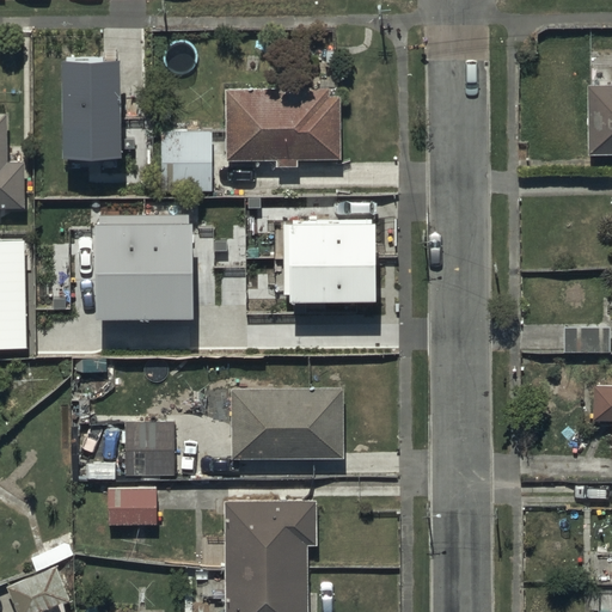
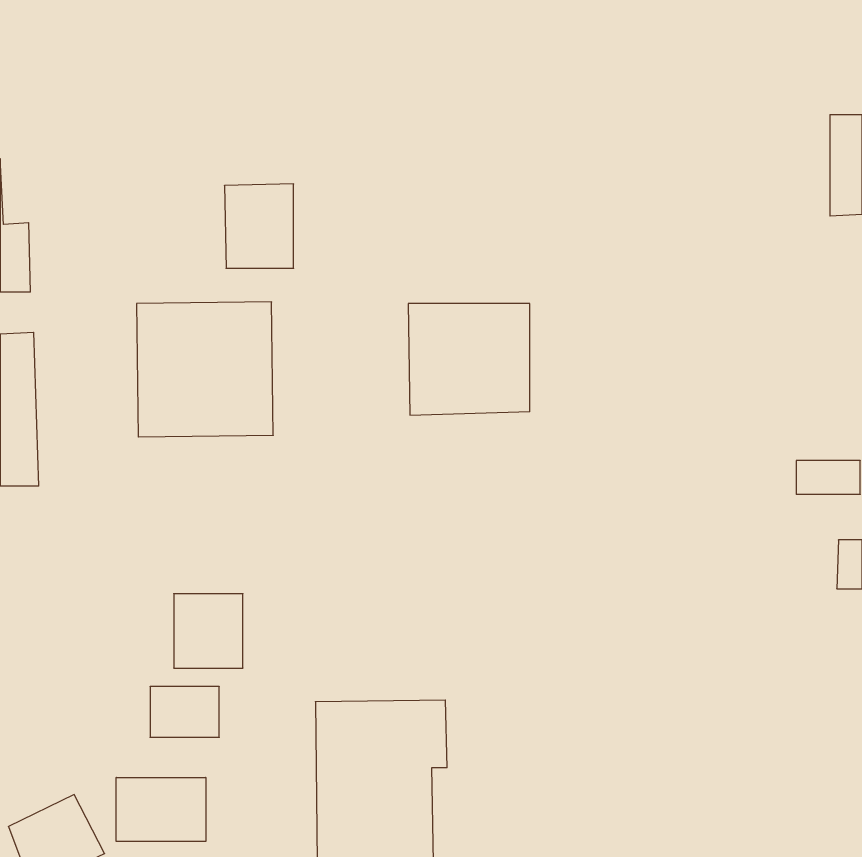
building: [62,54,123,152] -> none
building: [224,66,341,167] -> none
building: [231,391,342,461] -> none
building: none -> [116,777,206,841]

